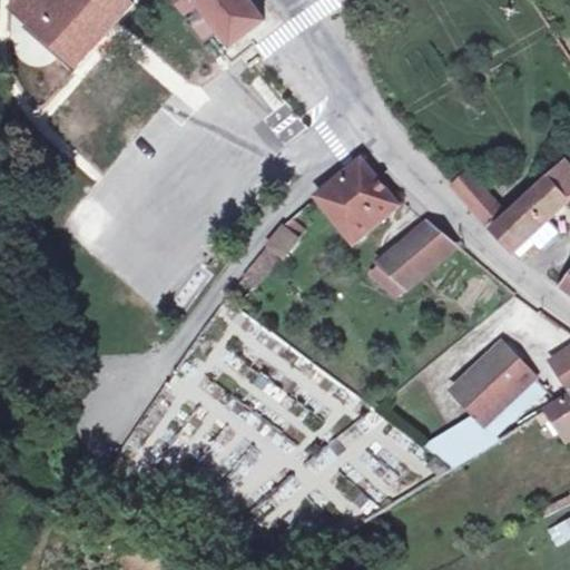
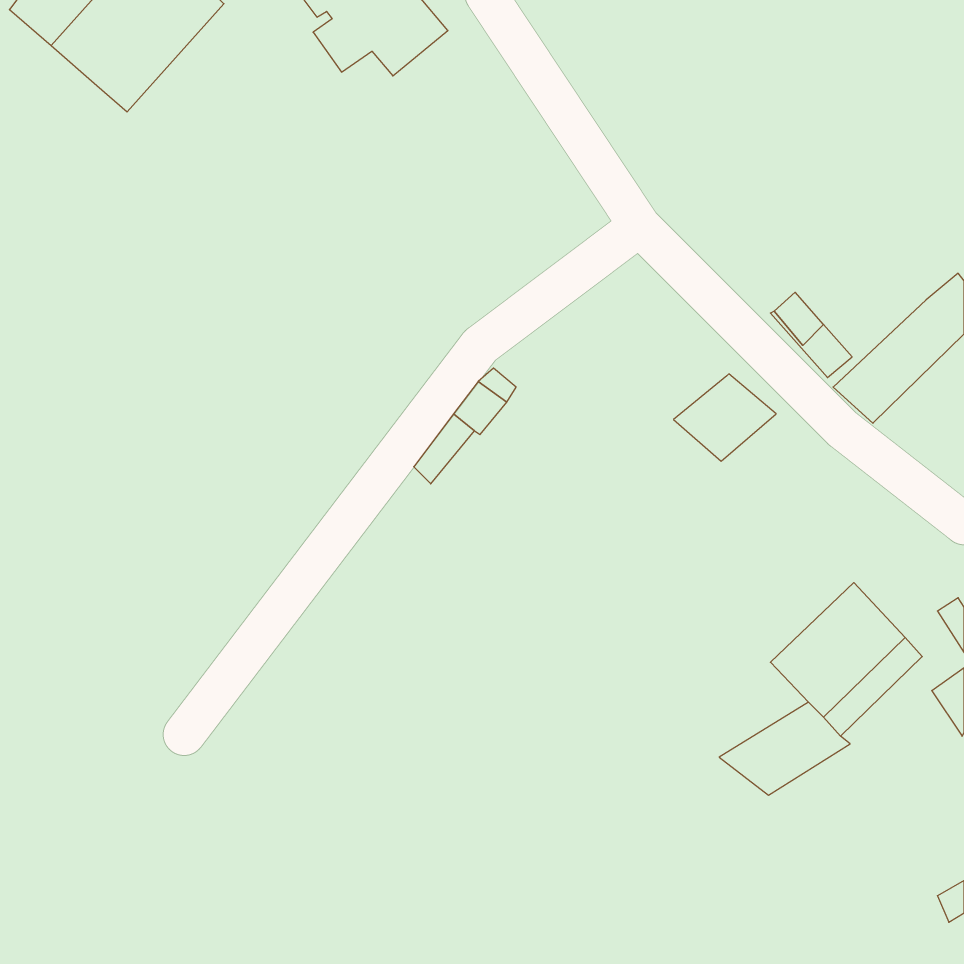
building: [315,158,395,239] -> none
building: [368,246,423,294] -> none

